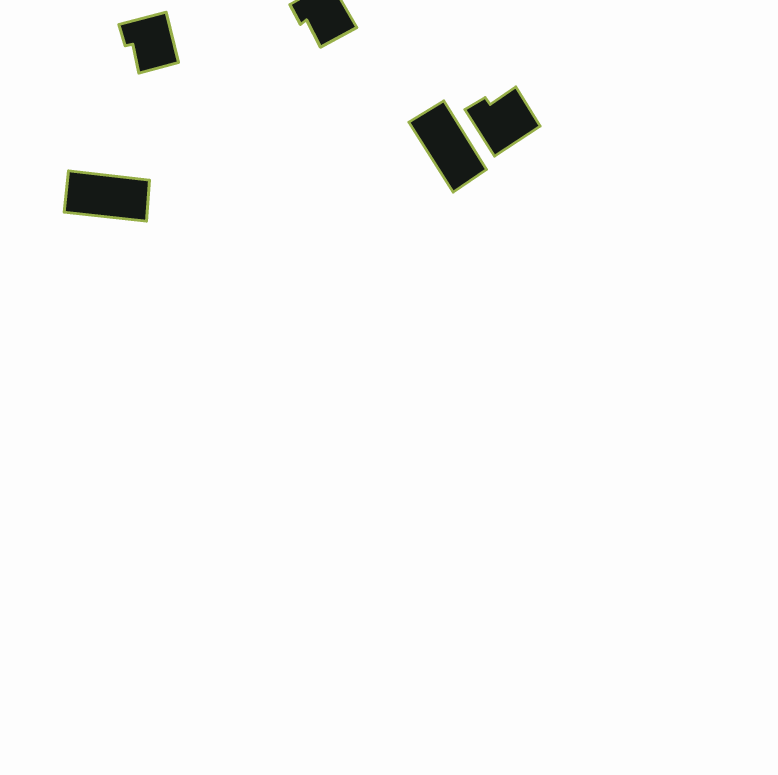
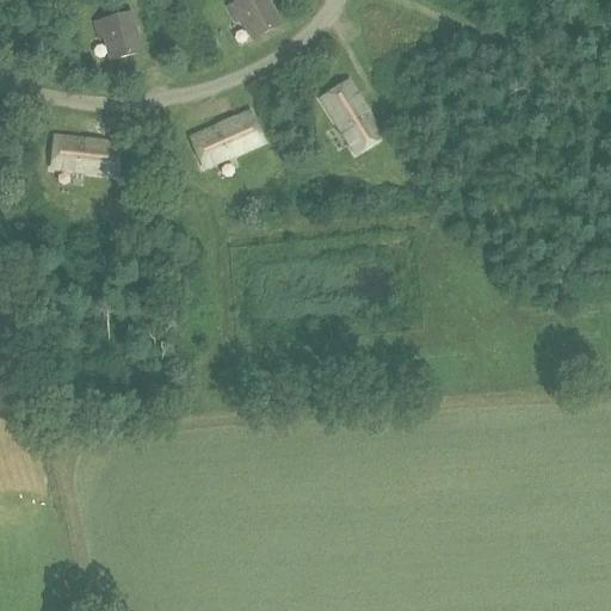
building: [465,87,540,156] -> none
building: none -> [190,110,261,165]

